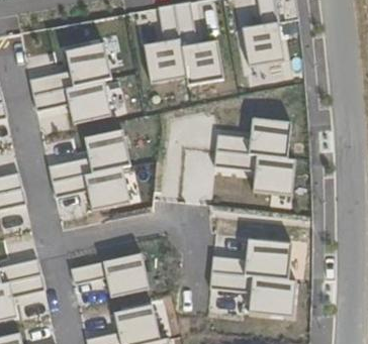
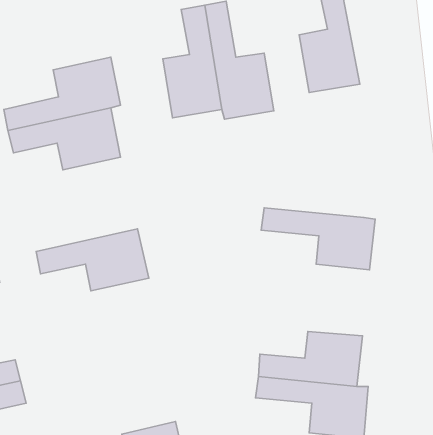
building: [215,118,290,157] -> none
building: [48,128,132,182] -> none
building: [70,250,148,295] -> none

